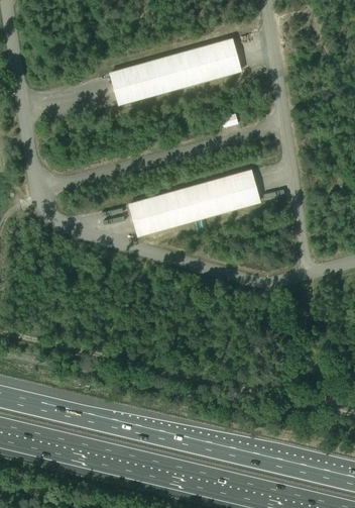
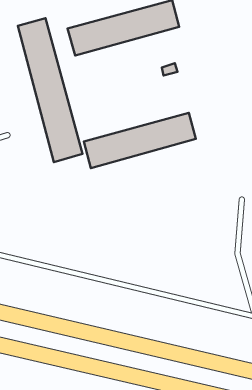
building: none -> [18,18,82,162]

